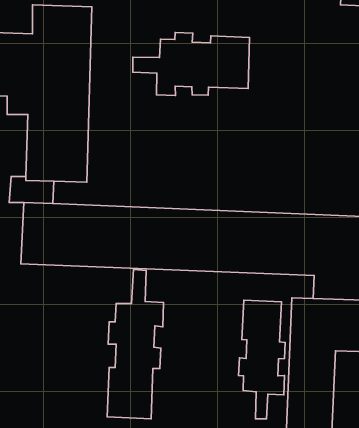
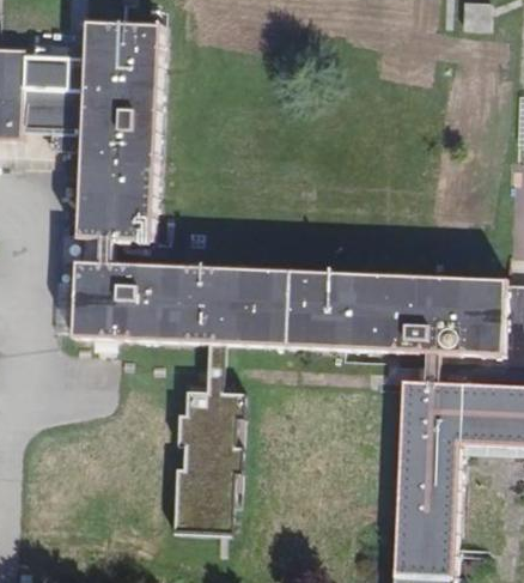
building: [133,33,249,95] -> none
building: [239,300,285,419] -> none

